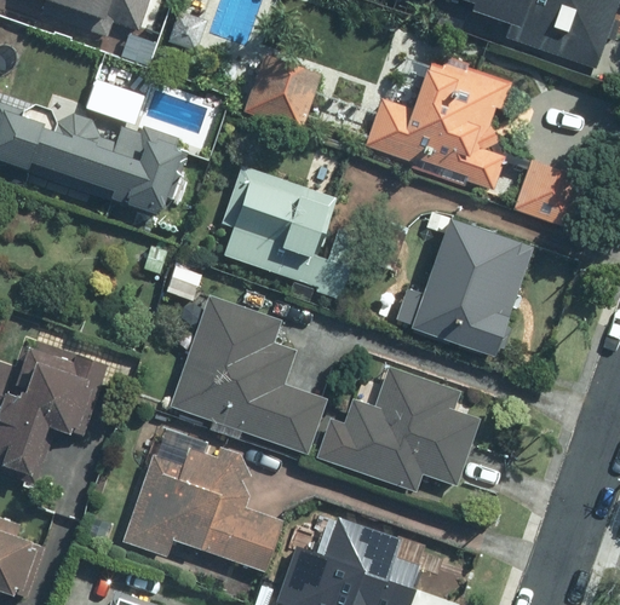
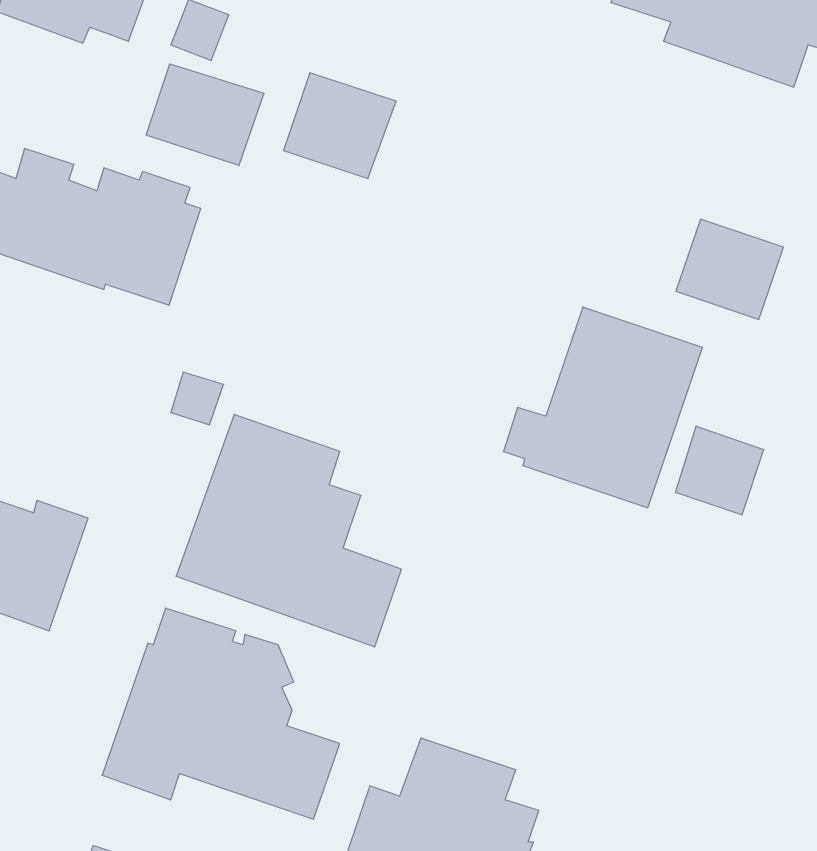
building: none -> [146,64,264,166]
building: [367,57,512,190] -> none
building: [220,165,362,301] -> none
building: none -> [676,426,764,515]
building: [314,364,480,491] -> none

